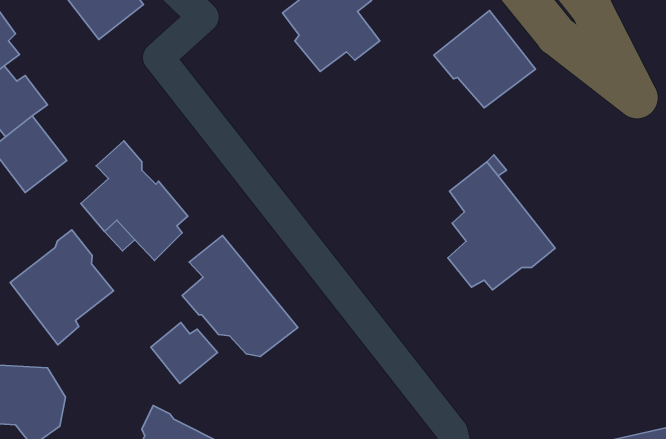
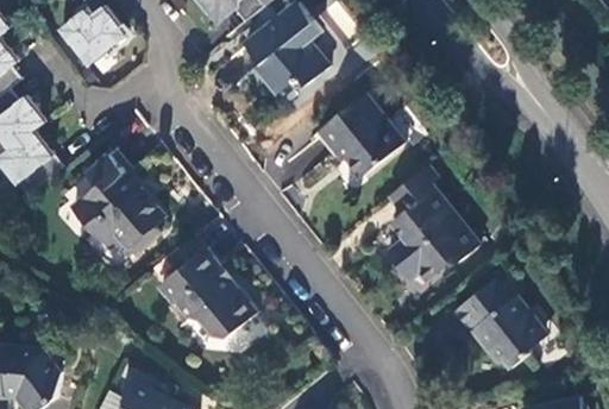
building: [434,11,536,108] -> [316,93,403,176]
building: [10,230,114,345] -> none
building: none -> [454,271,541,369]
building: [151,322,218,383] -> none

